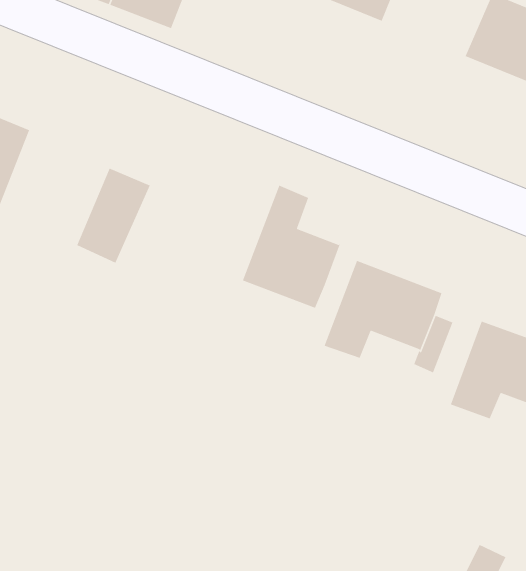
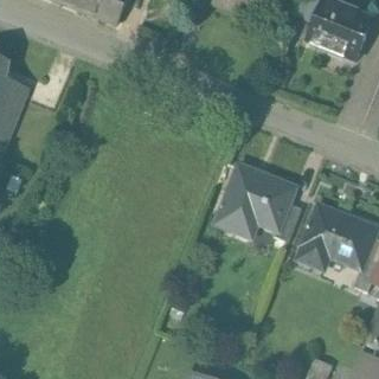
building: [76,167,151,264] -> none
building: [242,185,341,309] -> none

